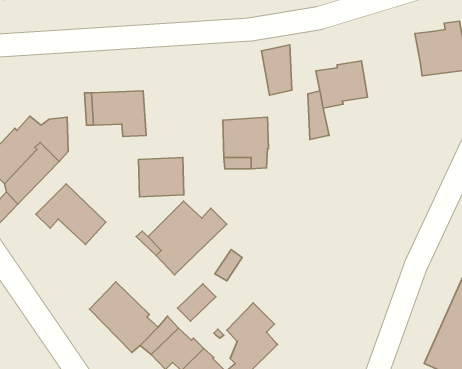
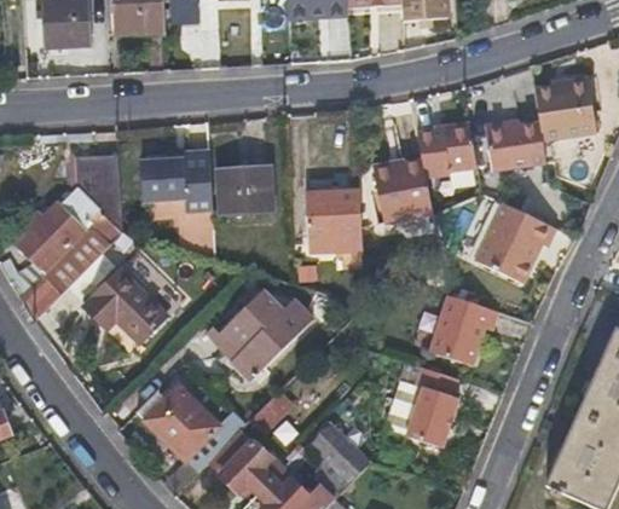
building: [261,45,292,95] -> [372,162,409,222]
building: none -> [486,121,546,169]
building: none -> [73,157,118,199]
building: none -> [478,202,555,283]
building: [138,157,184,197] -> [216,166,271,213]
building: none -> [430,294,497,363]
building: none -> [406,368,458,450]

